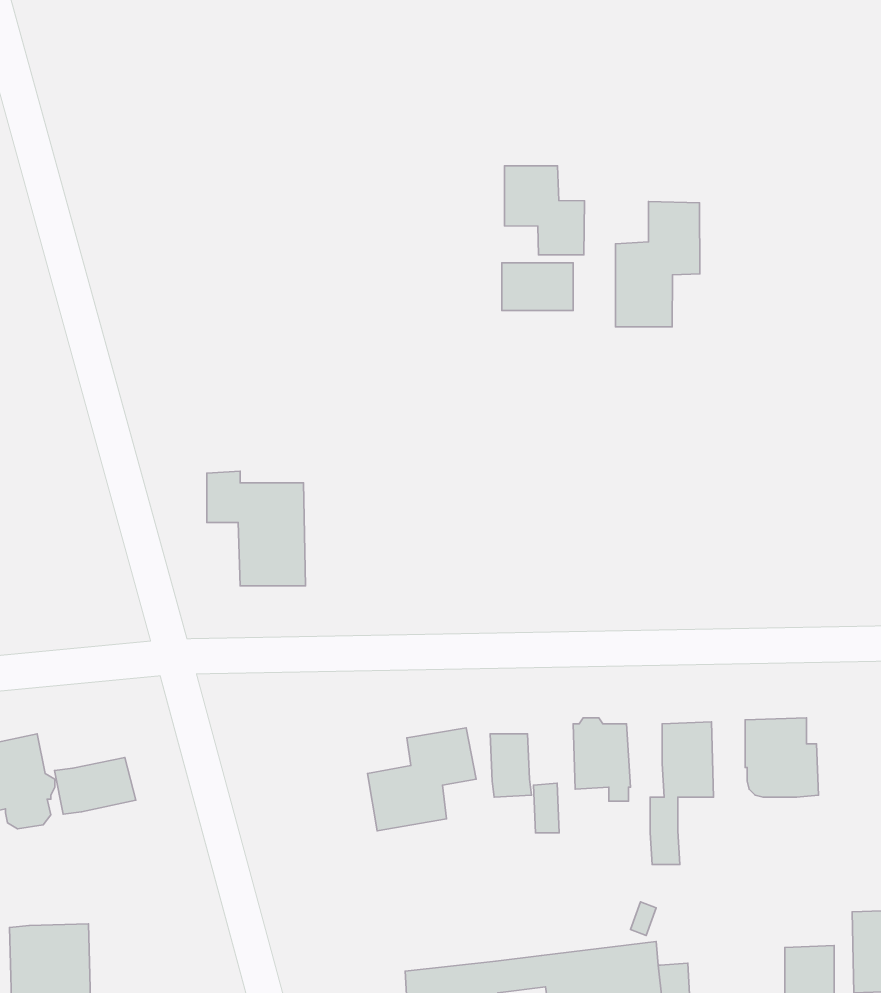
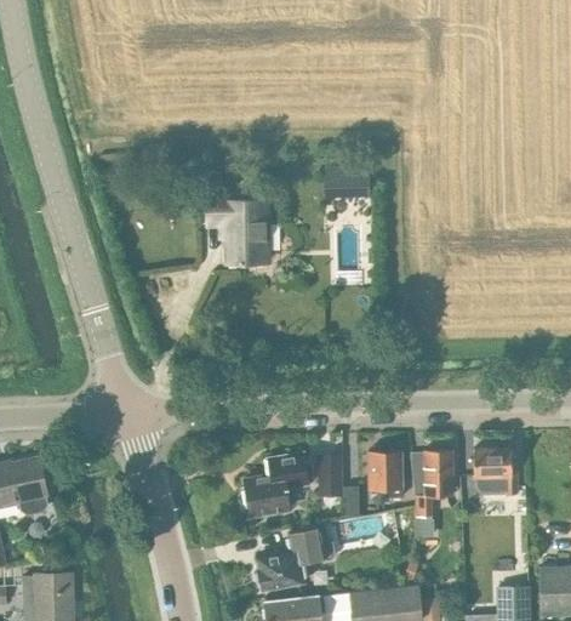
building: [505,166,584,255] -> none
building: [615,202,700,327] -> none
building: [207,471,306,586] -> [206,193,267,263]
building: [54,757,136,814] -> none
building: none -> [255,528,335,591]

